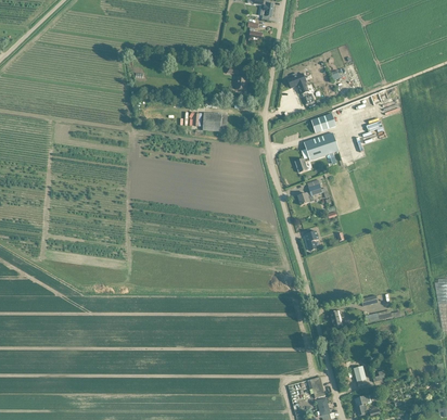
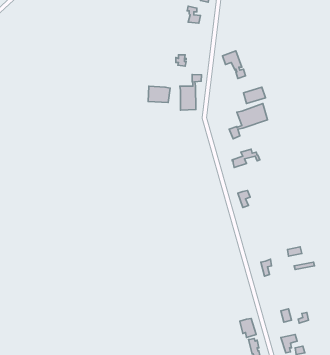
building: none -> [180,74,202,110]

